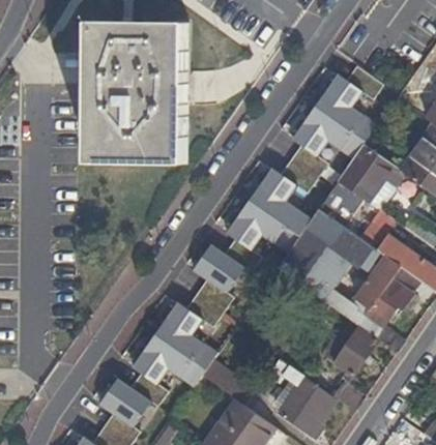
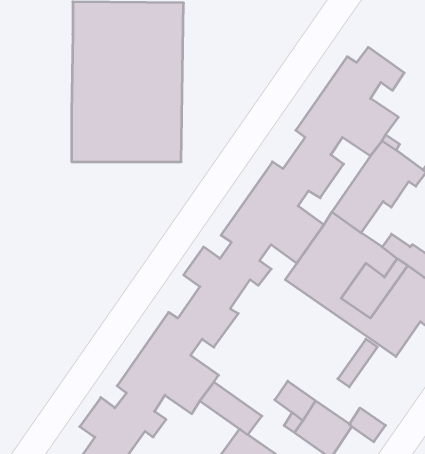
building: [335,329,378,377] -> none

